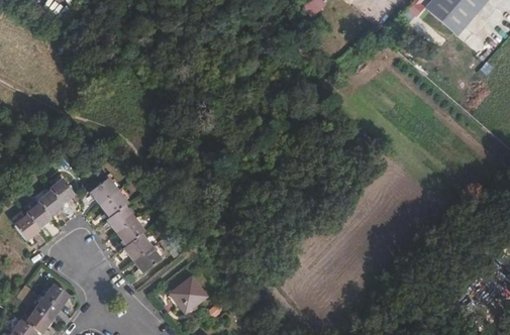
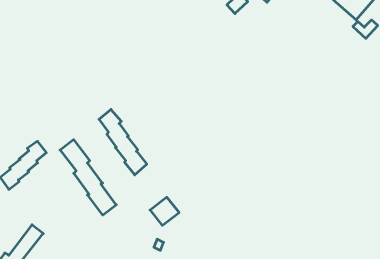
building: none -> [99,109,147,175]
building: [171,275,207,311] -> [150,197,179,225]

